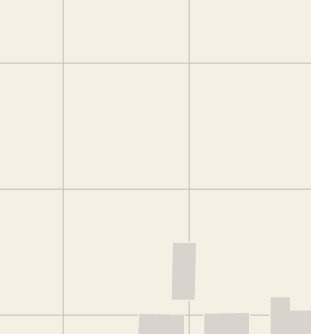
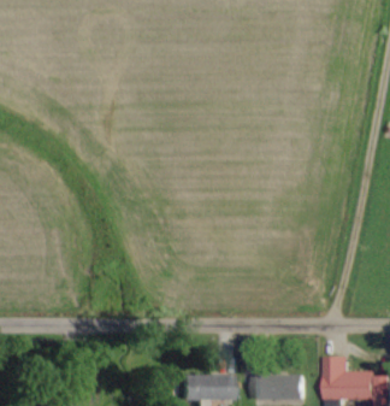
building: [171,242,197,301] -> none

